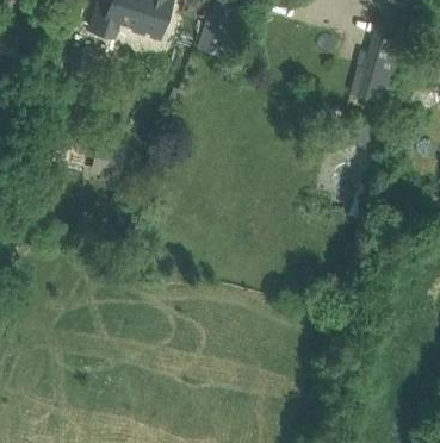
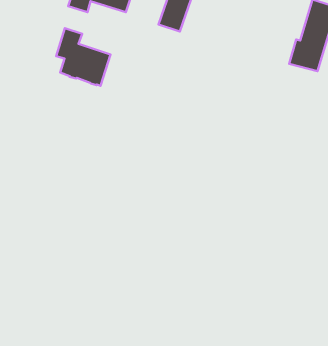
building: none -> [56,28,111,86]

